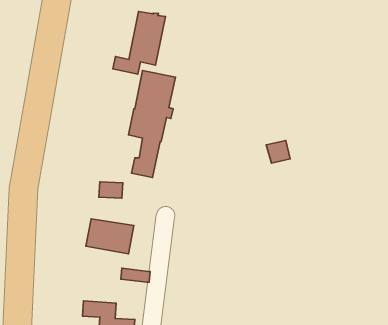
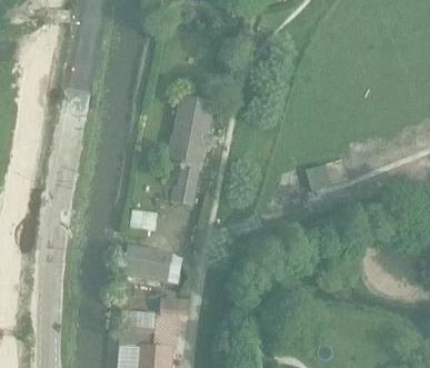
building: [113,12,166,74] -> none

